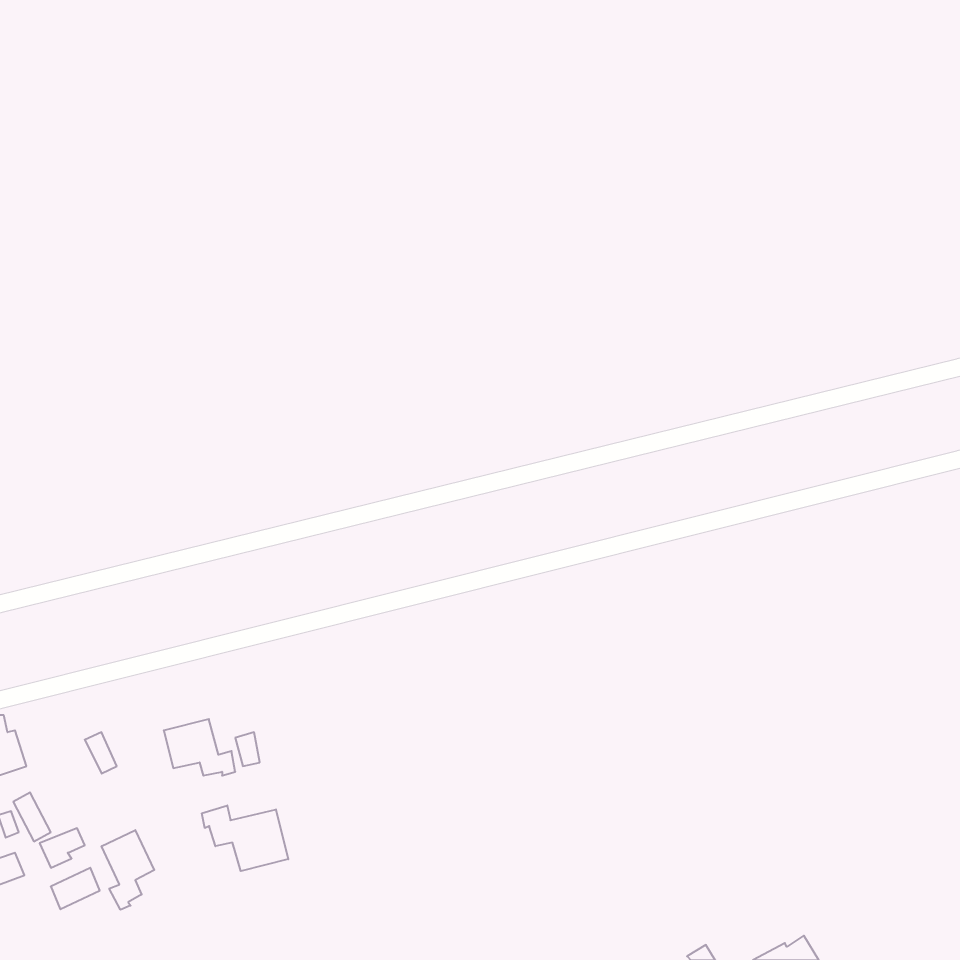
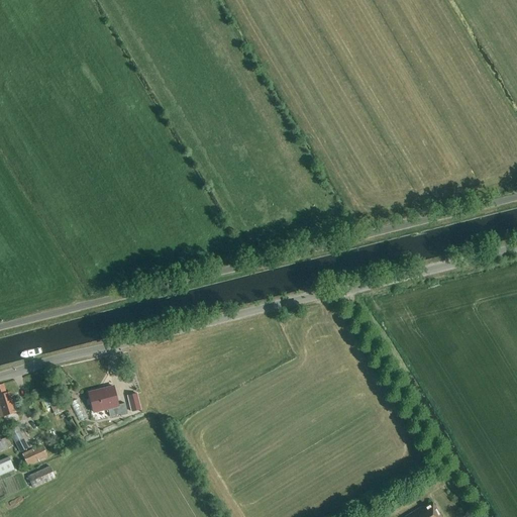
building: [202,805,288,871] -> none
building: [102,830,154,910] -> none

